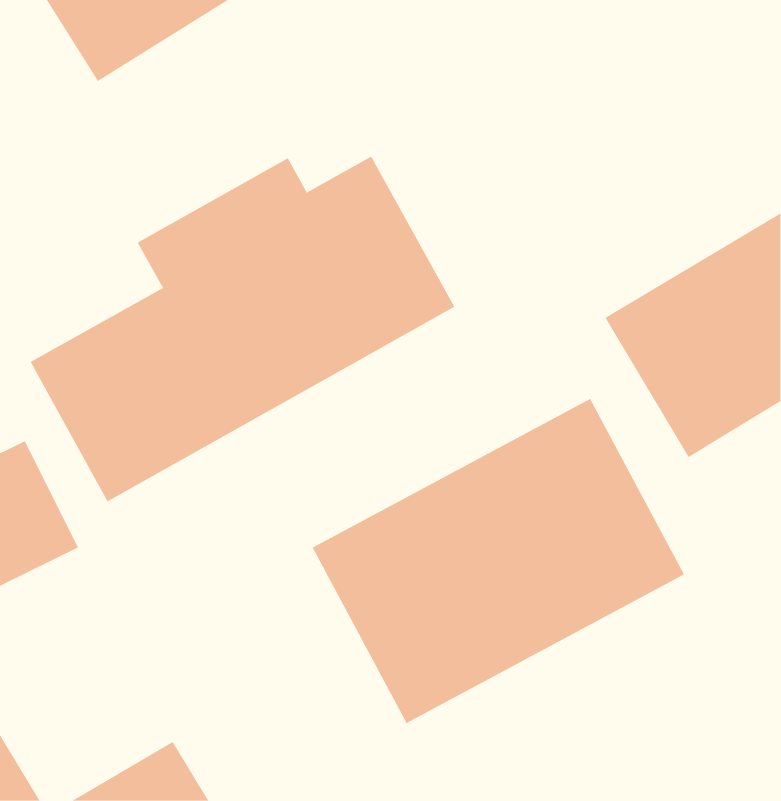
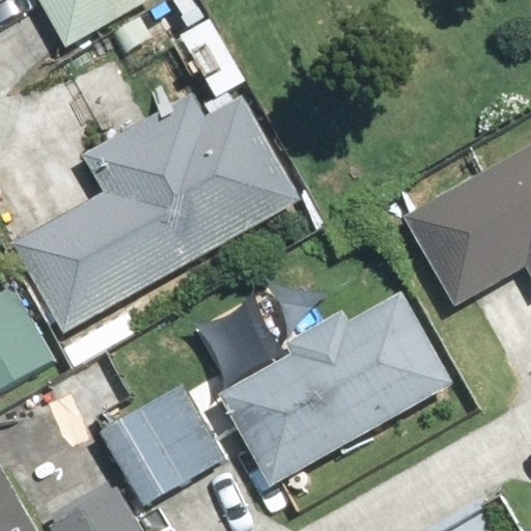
building: none -> [99,388,226,509]

